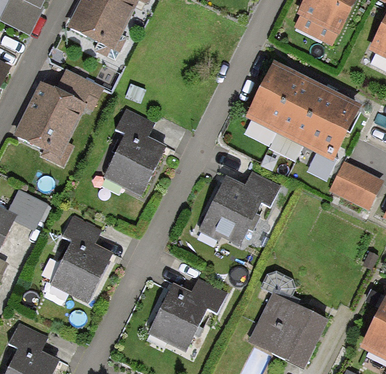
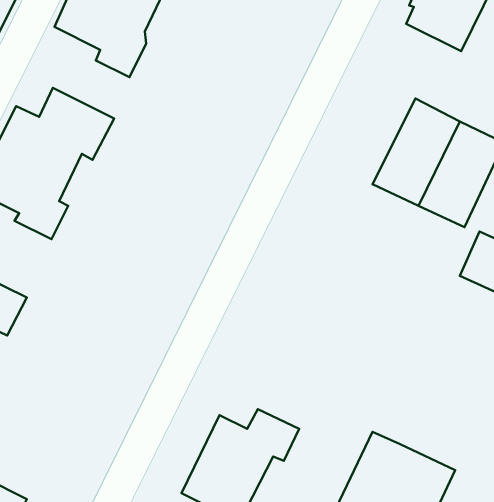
building: [246,61,302,131] -> none
building: [103,109,167,196] -> none
building: [202,172,280,245] -> none
building: [50,217,113,303] -> none

